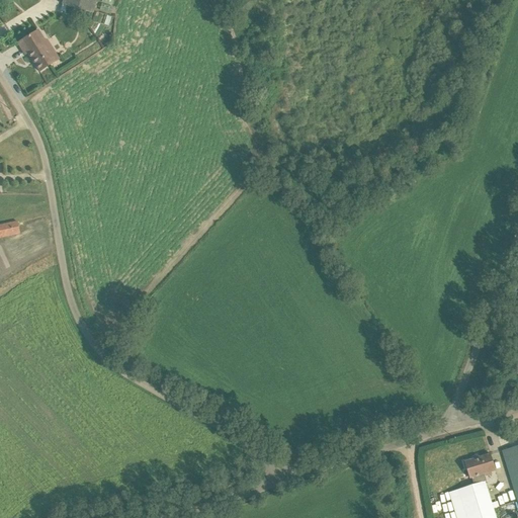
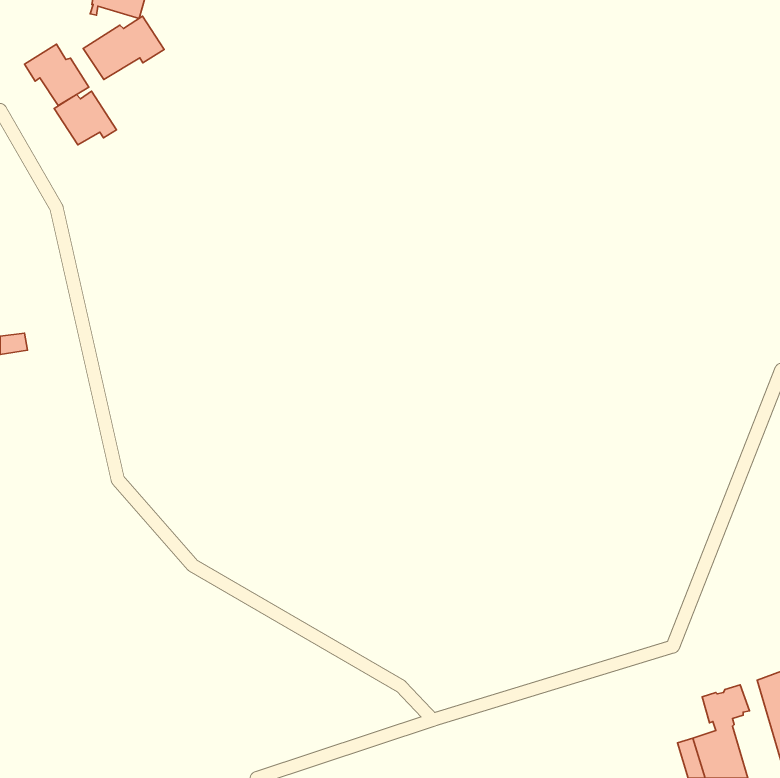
building: none -> [83,16,164,79]
building: none -> [54,91,116,145]

